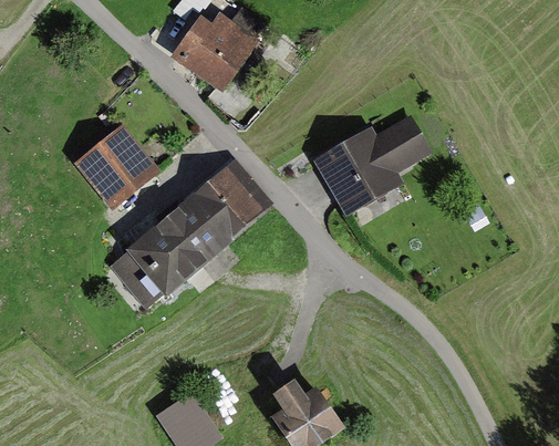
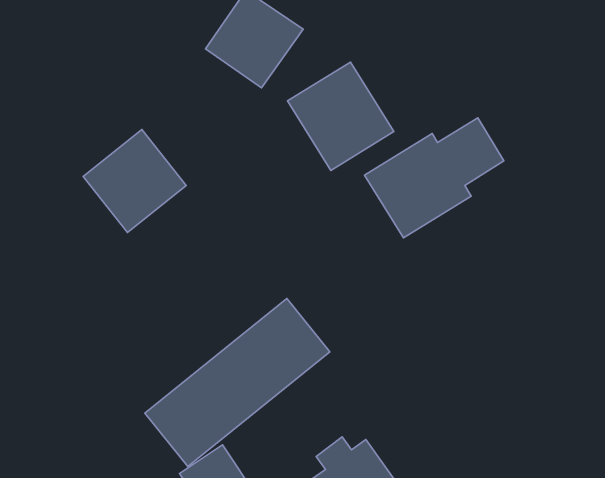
building: none -> [288,62,394,170]
building: [113,163,270,305] -> [145,299,330,467]

